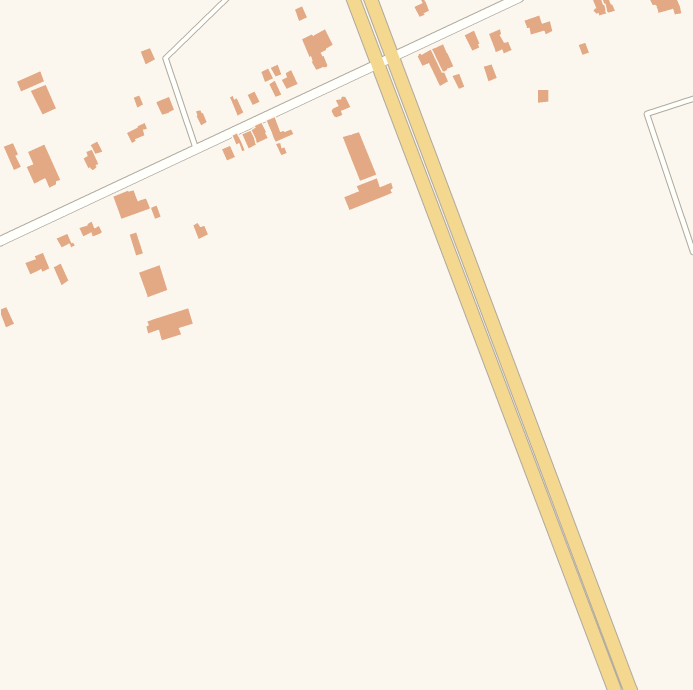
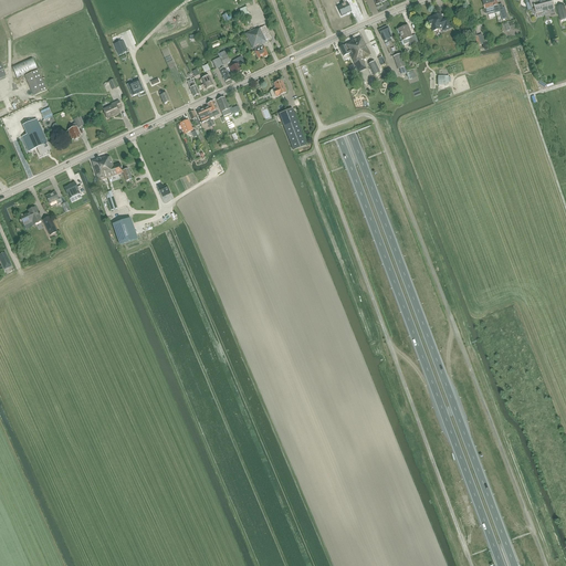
building: [344,177,394,211] -> none
building: [146,307,193,341] -> none

